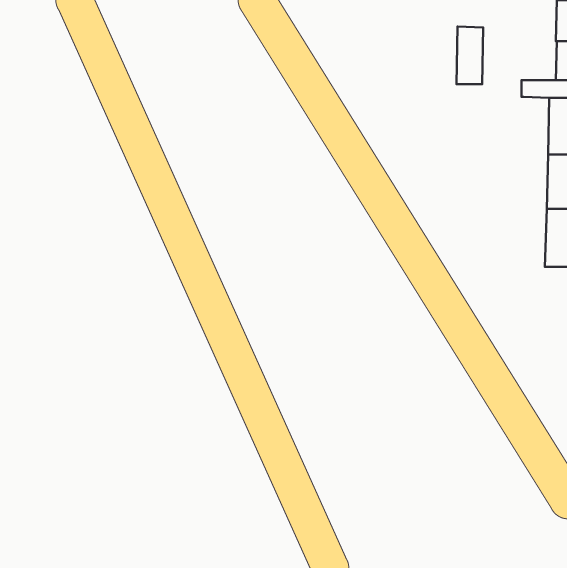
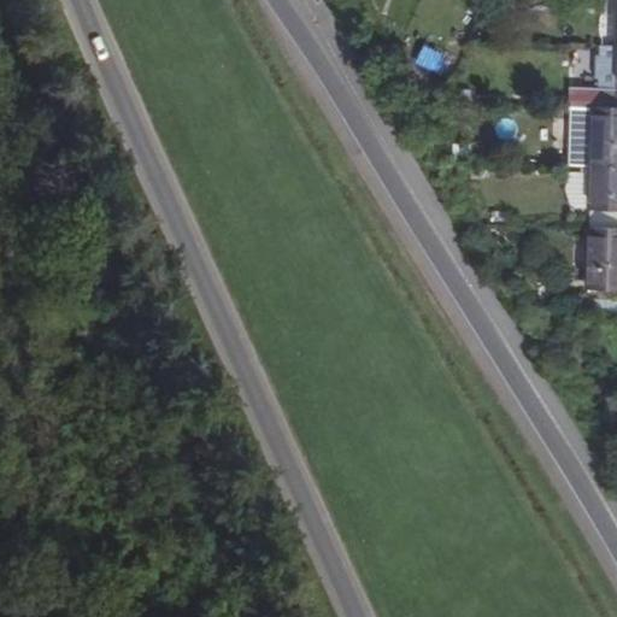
building: [457,26,483,84] -> [568,105,597,168]

